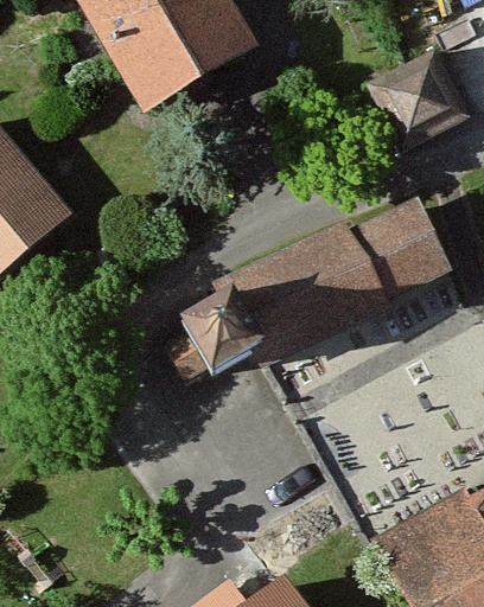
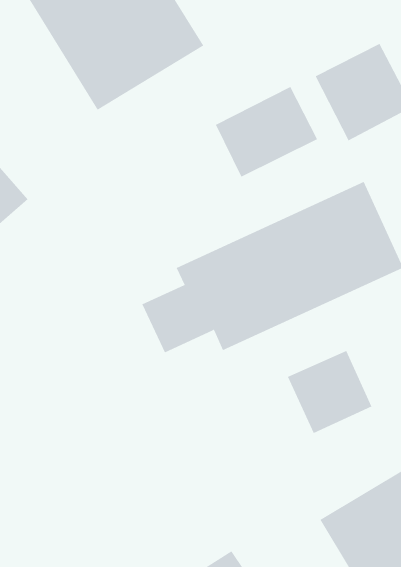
building: none -> [215,86,318,178]
building: none -> [287,350,372,434]

